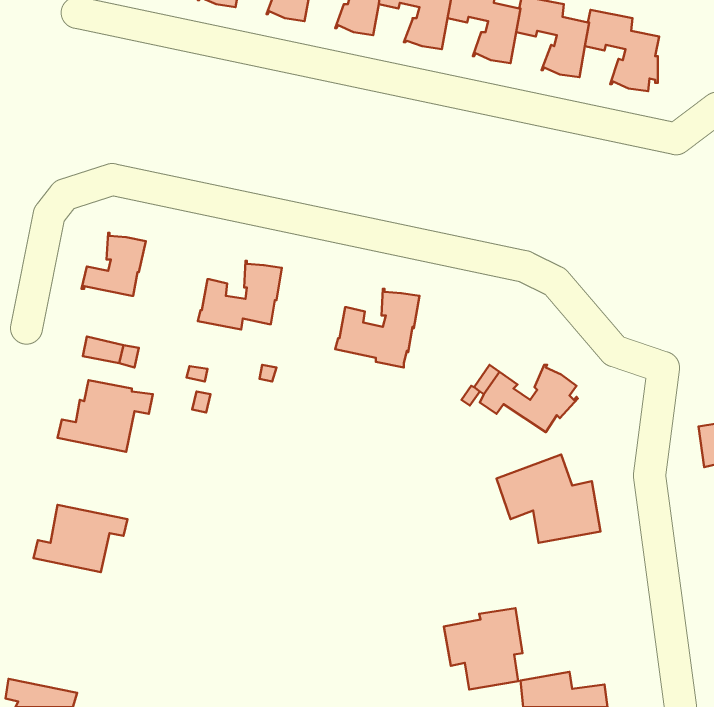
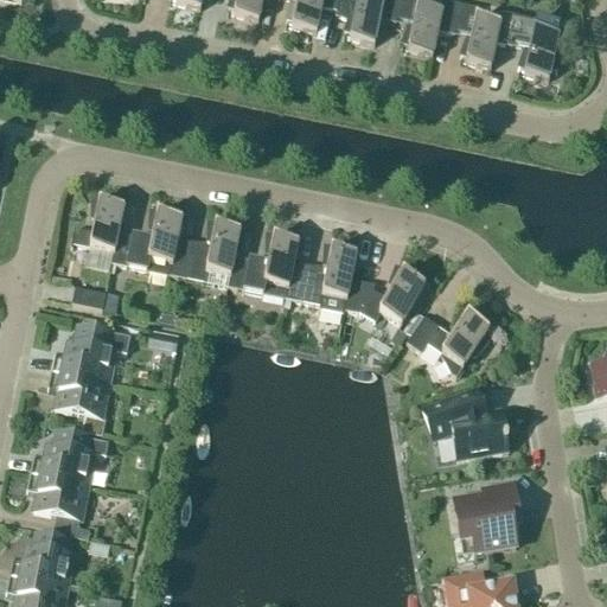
building: none -> [113,209,183,271]
building: none -> [229,232,299,295]
building: none -> [344,266,426,322]
building: none -> [49,370,109,433]
building: none -> [27,472,88,518]
building: [444,608,523,690] -> [454,483,520,551]
building: none -> [9,529,75,586]

